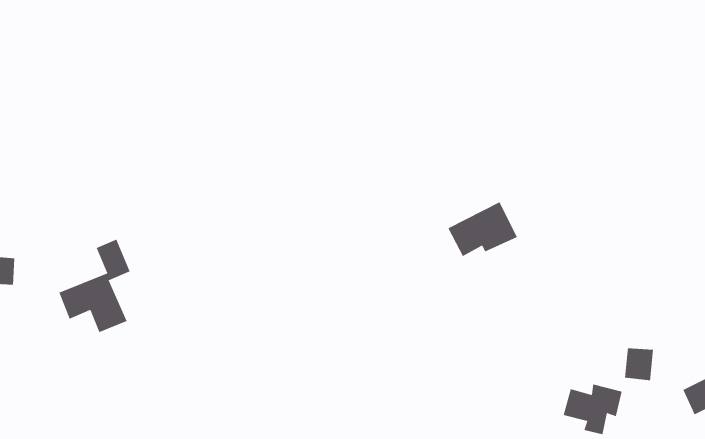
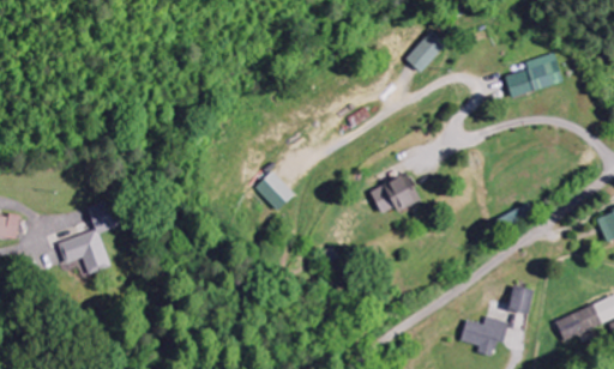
building: none -> [407,29,446,73]
building: none -> [505,52,564,97]
building: none -> [253,170,295,211]

